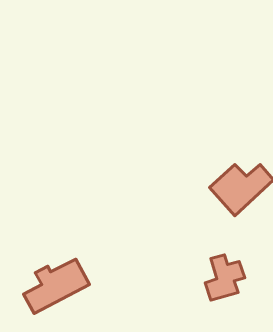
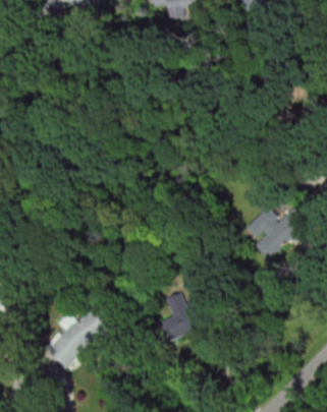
building: [205,255,245,300] -> [160,293,202,341]

